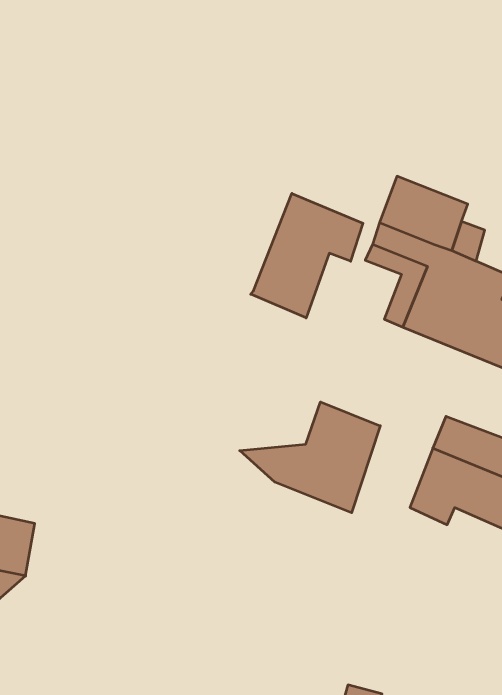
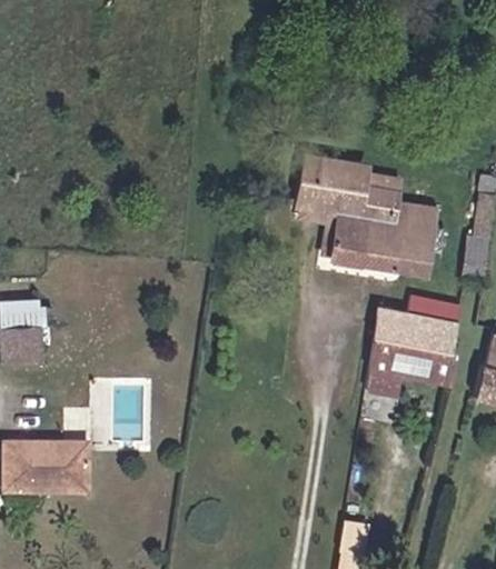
building: [251,193,363,318] -> none
building: [240,402,380,513] -> none

